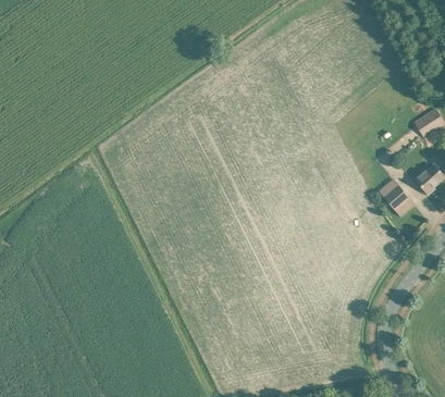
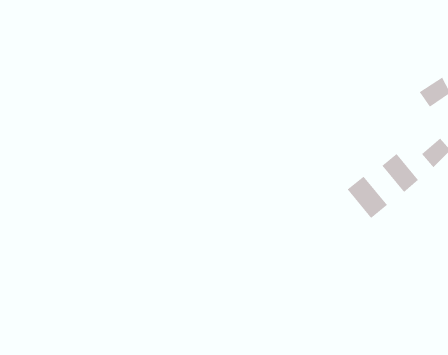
building: none -> [347,176,388,219]

